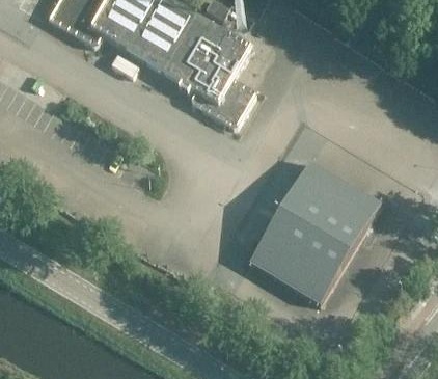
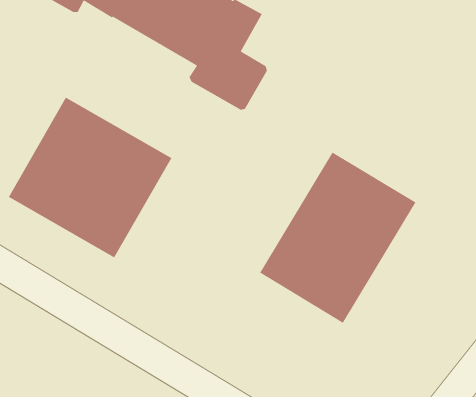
building: none -> [8,96,172,258]

